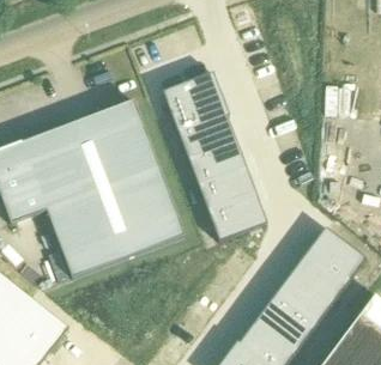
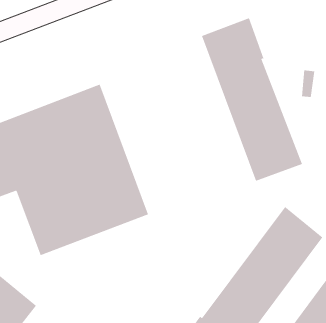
building: [162,69,267,239] -> [201,17,303,182]

